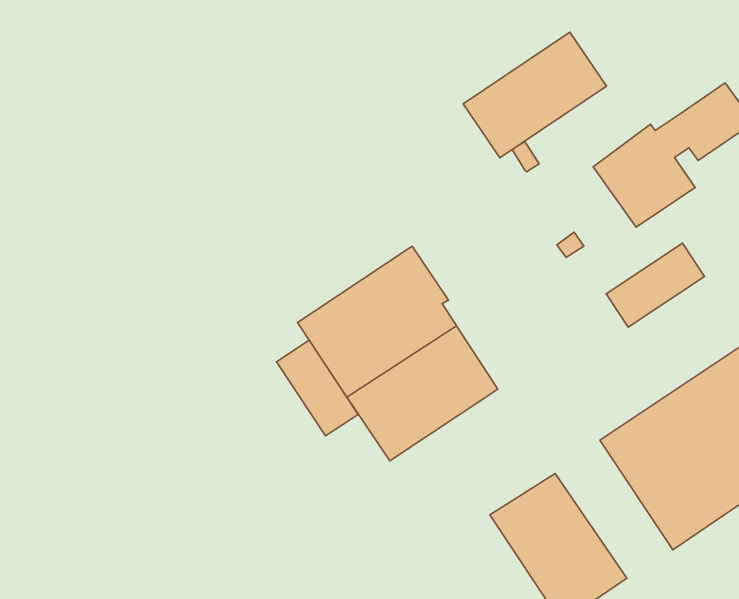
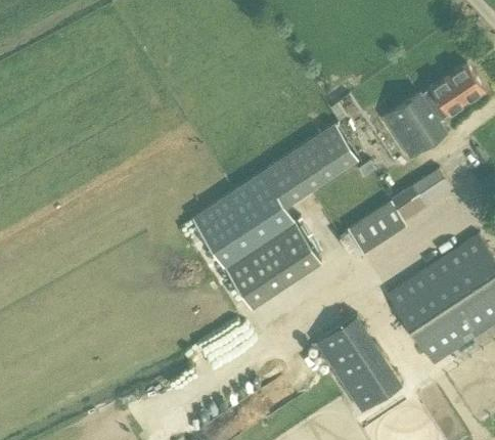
building: [463,32,606,158] -> [266,125,358,206]
building: none -> [348,202,405,252]
building: [276,340,358,436] -> none

